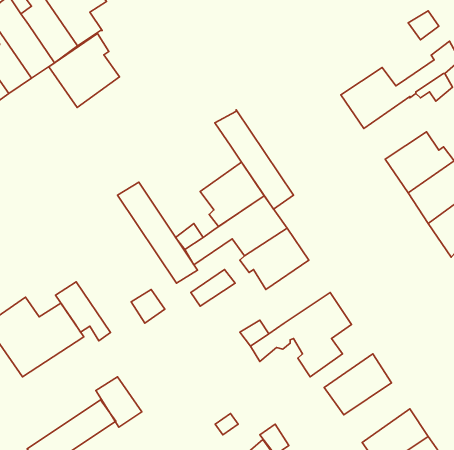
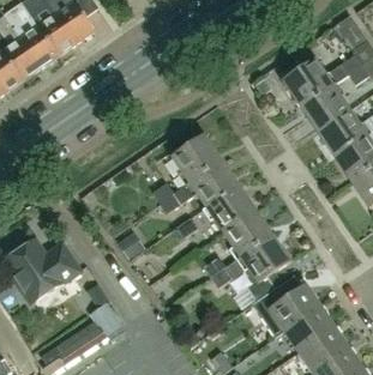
building: [49,33,120,108] -> none
building: none -> [300,83,349,132]
building: [215,110,294,209] -> none
building: [118,182,197,283] -> none
building: none -> [223,211,273,260]
building: [55,282,111,341] -> none
building: none -> [284,307,336,353]

